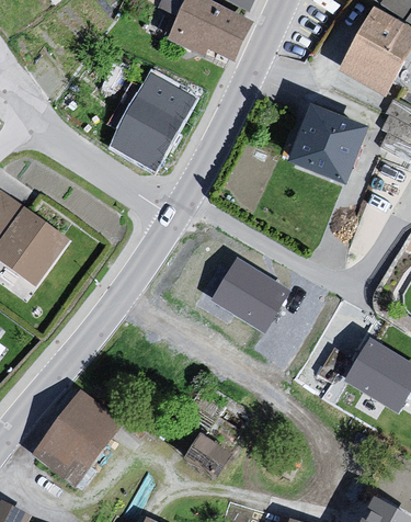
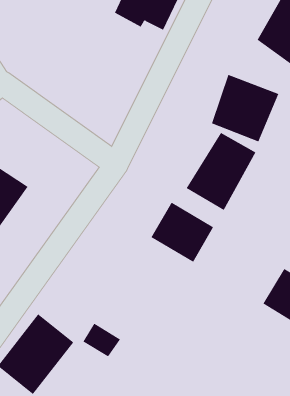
building: [115,73,196,162] -> none
building: none -> [186,132,256,211]
building: [185,425,230,466] -> [83,323,121,357]

